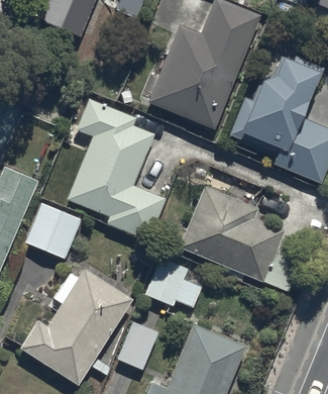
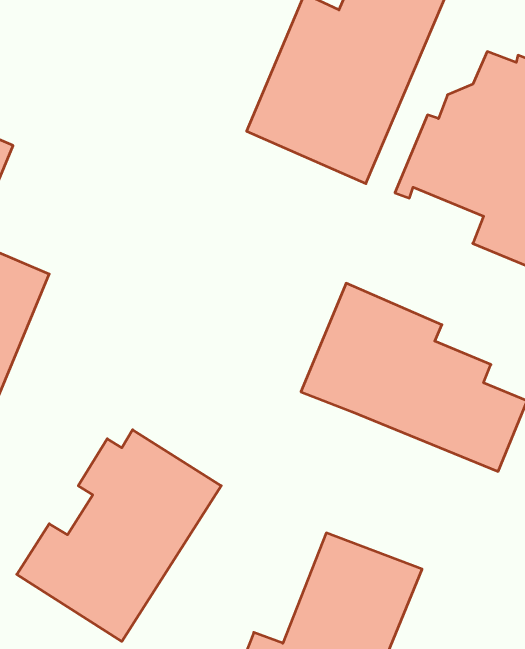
building: [67,98,168,240] -> none
building: [24,202,82,259] -> none
building: [144,256,202,307] -> none
building: [115,316,161,372] -> none

